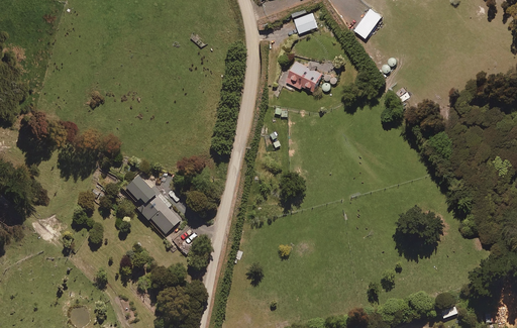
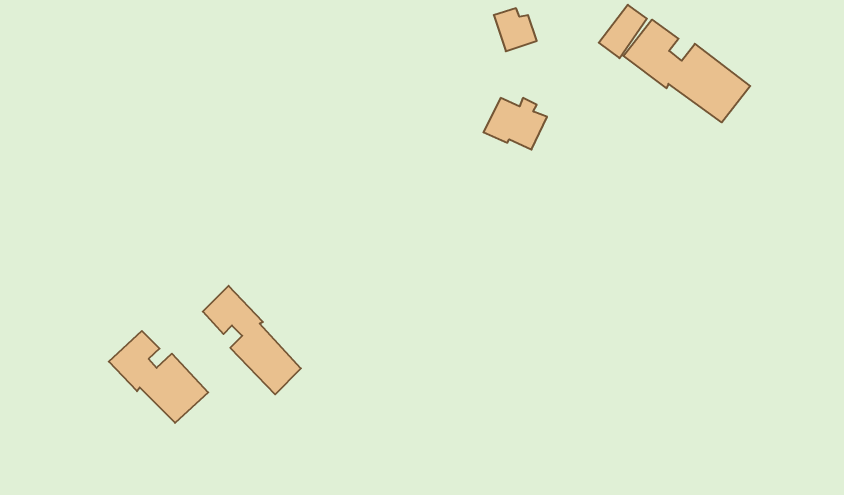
building: none -> [623,20,750,122]
building: none -> [109,331,208,423]

